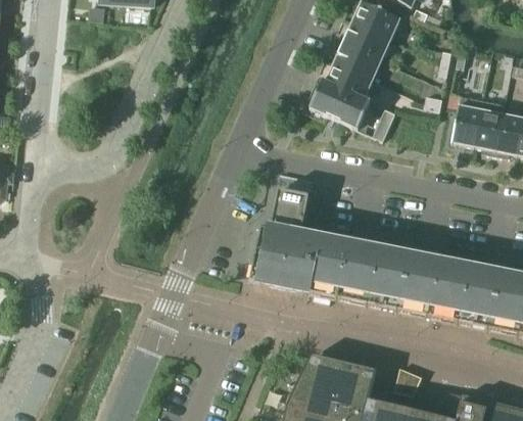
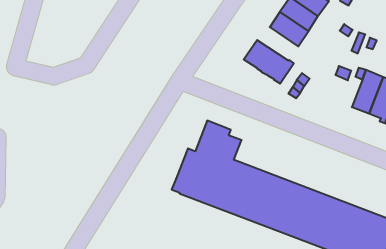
building: [322,61,373,98] -> none

